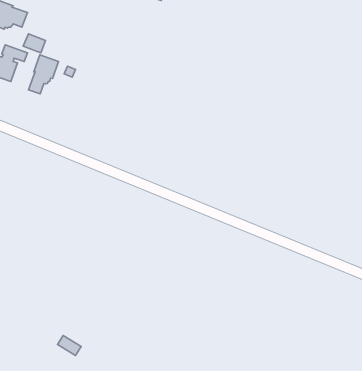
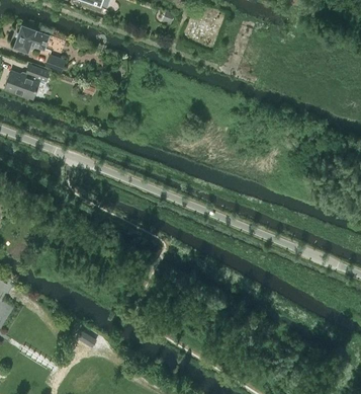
building: [28,55,58,94] -> none

